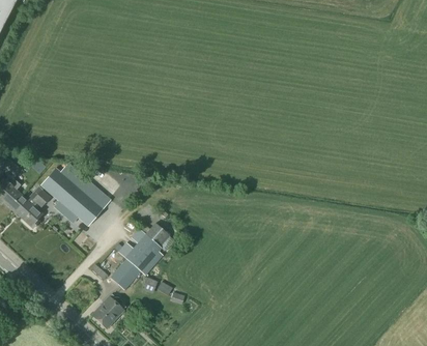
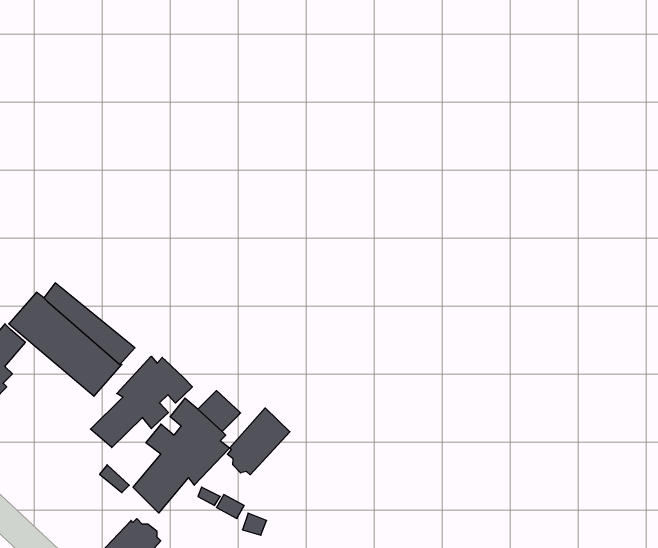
building: none -> [90,356,192,448]
building: none -> [227,408,290,475]

